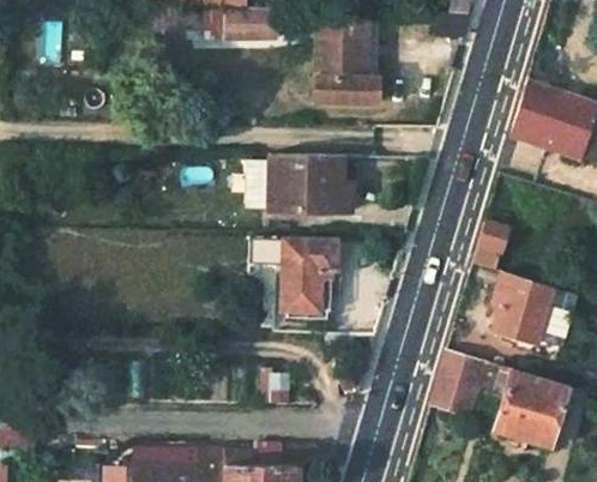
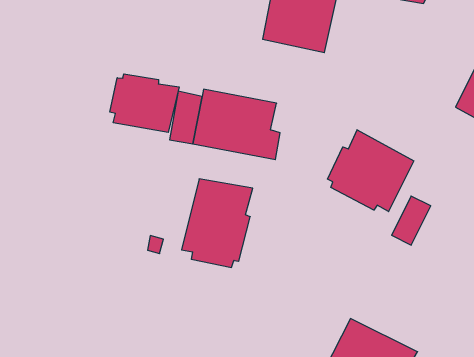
building: none -> [110,74,179,132]
building: none -> [328,130,414,212]
building: [494,272,554,342] -> none

